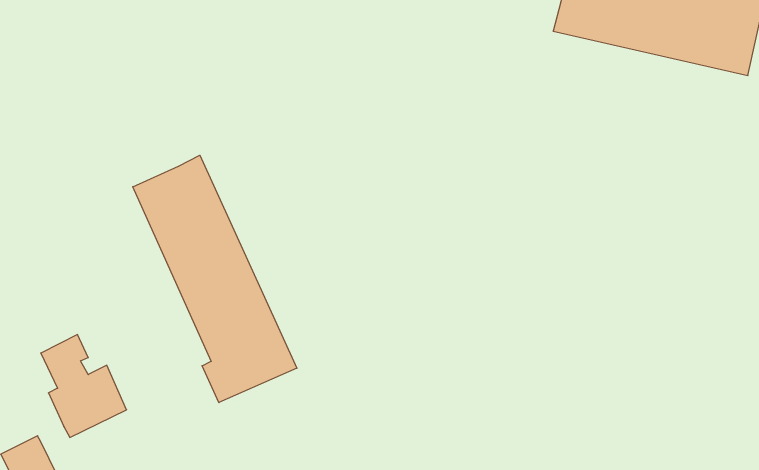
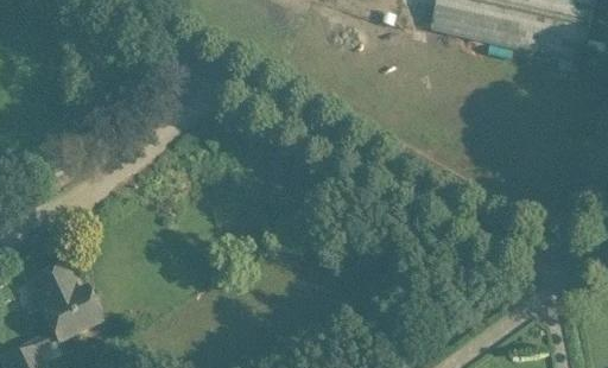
building: [133,155,297,403] -> none

